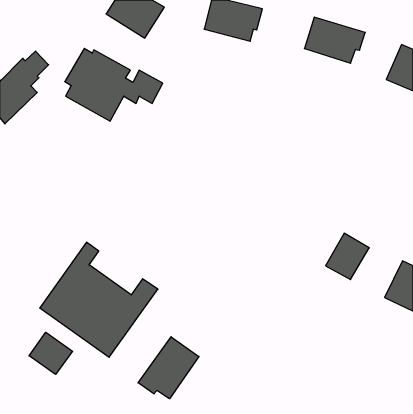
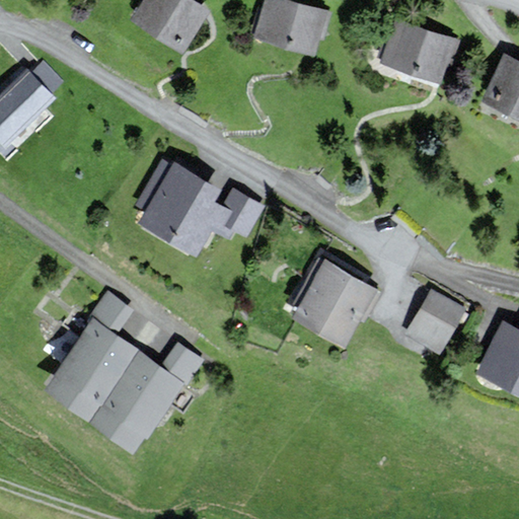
building: [65,48,163,121] -> [138,162,261,253]
building: none -> [292,261,377,342]
building: [29,332,73,374] -> none
building: [138,337,199,399] -> none

